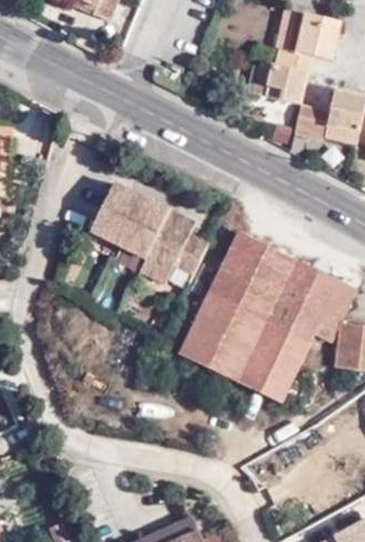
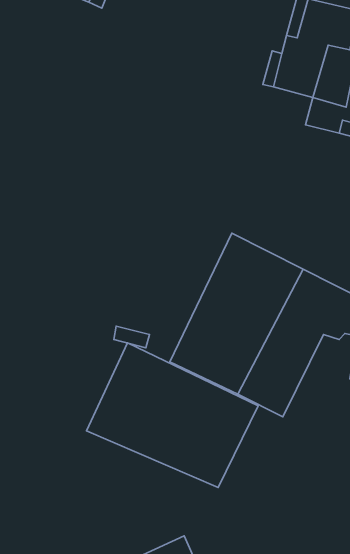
building: [89,179,208,283] -> none
building: none -> [87,343,258,488]

